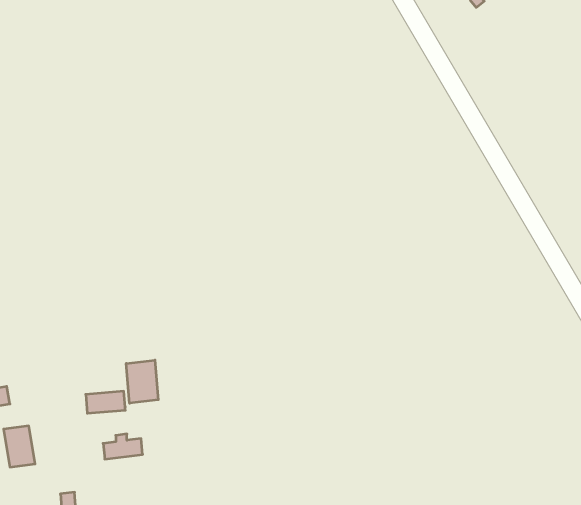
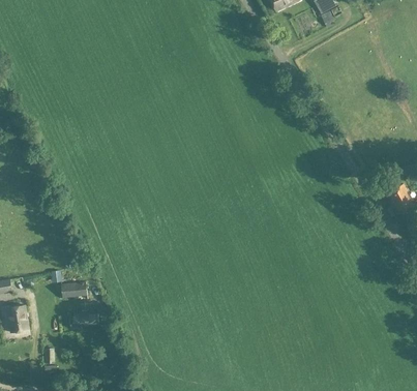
building: [126,360,158,403] -> none

